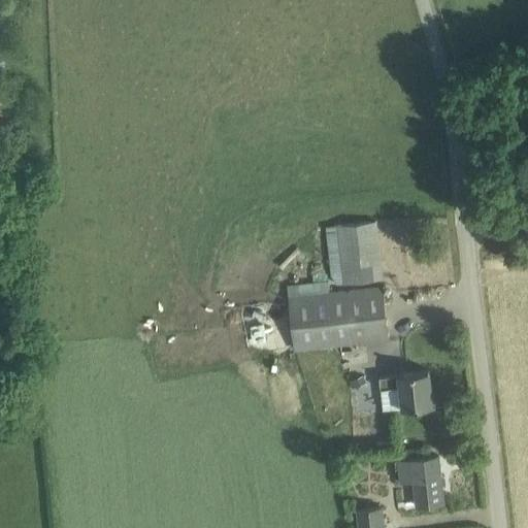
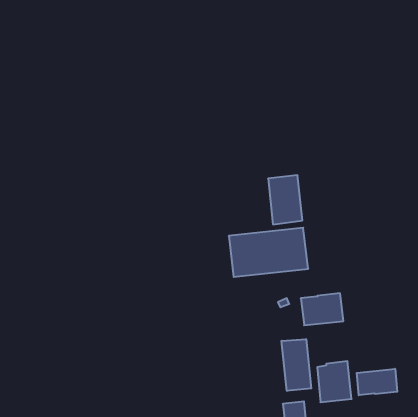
building: none -> [282,339,311,391]
building: none -> [357,369,397,395]

